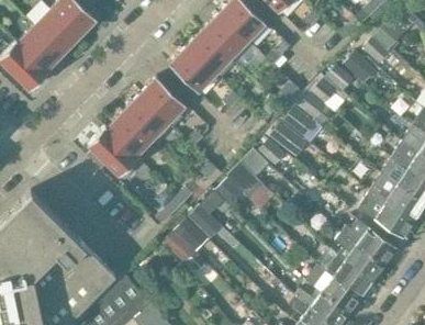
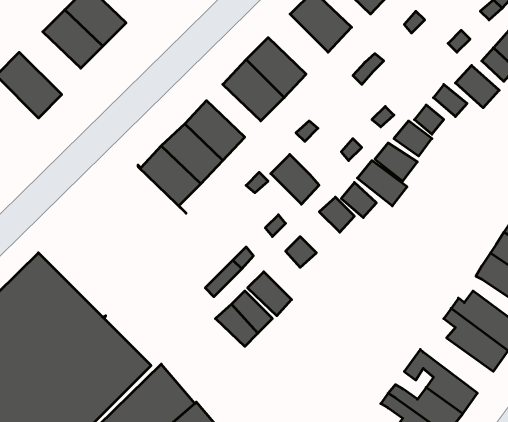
building: [203,12,248,57] -> none
building: [16,25,63,72] -> none
building: [88,126,142,179] -> none
building: [227,160,264,198] -> [271,154,319,204]
building: [320,250,372,296] -> none

